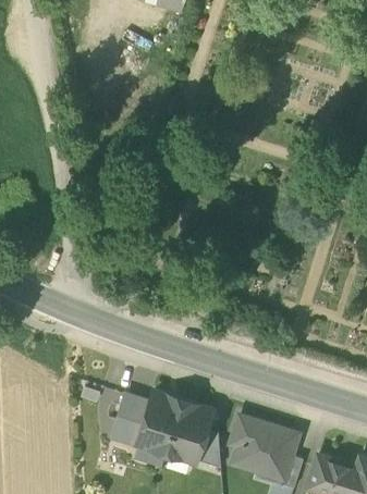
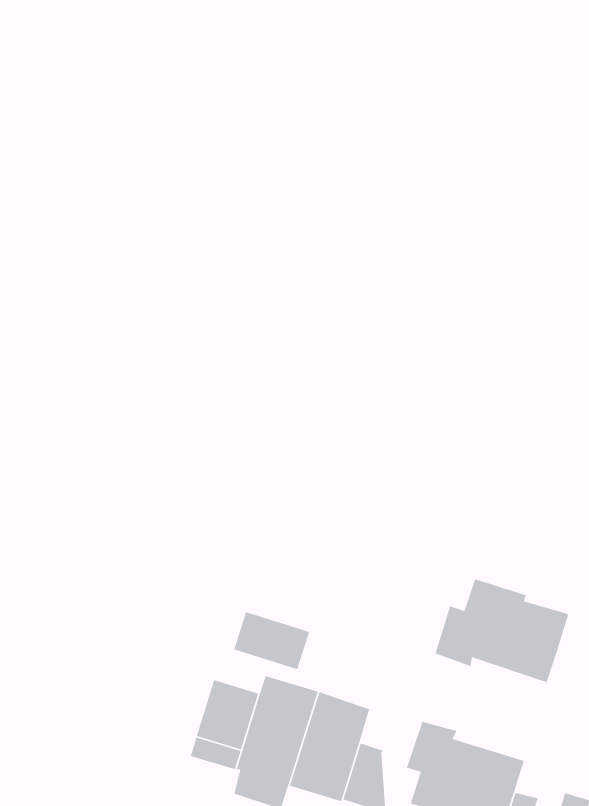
building: none -> [435,578,569,683]
building: none -> [233,611,310,670]

